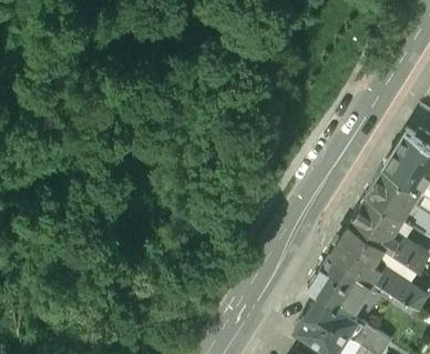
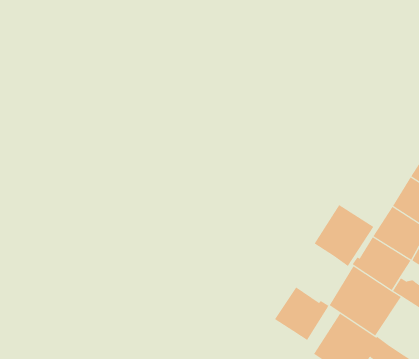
building: none -> [314,204,374,267]
building: none -> [274,287,329,341]

